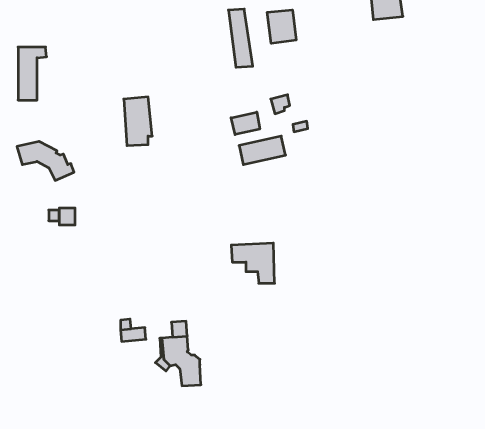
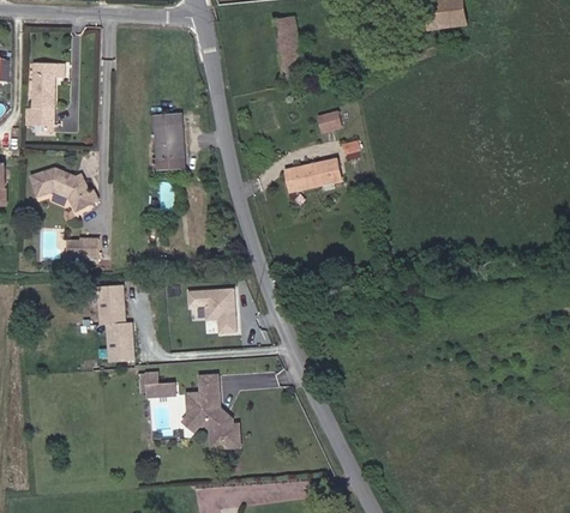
building: [267,10,296,43] -> none
building: [231,112,260,135] -> none
building: [231,243,275,283] -> [182,290,232,336]
building: none -> [92,285,130,363]

